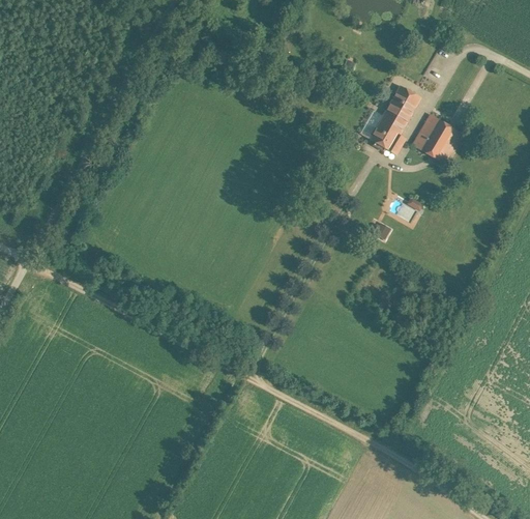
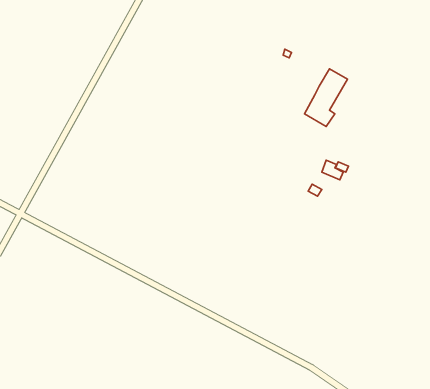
building: [411,114,459,163] -> none

